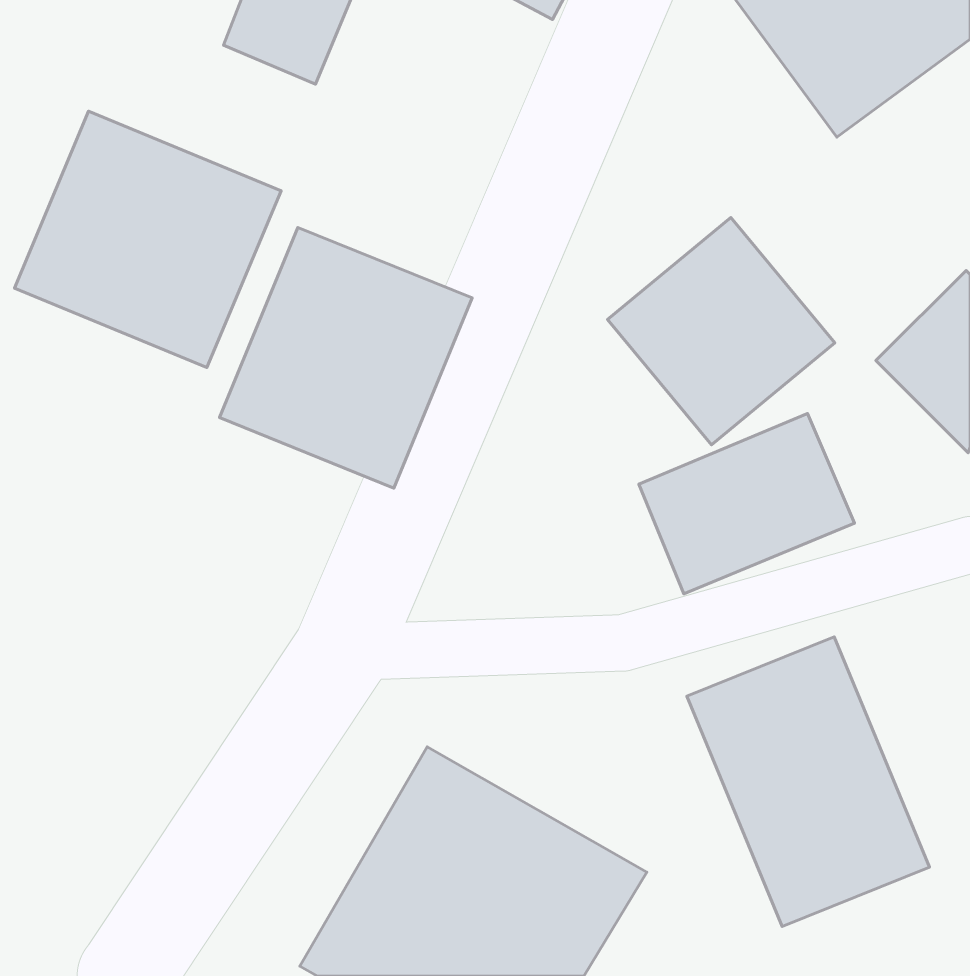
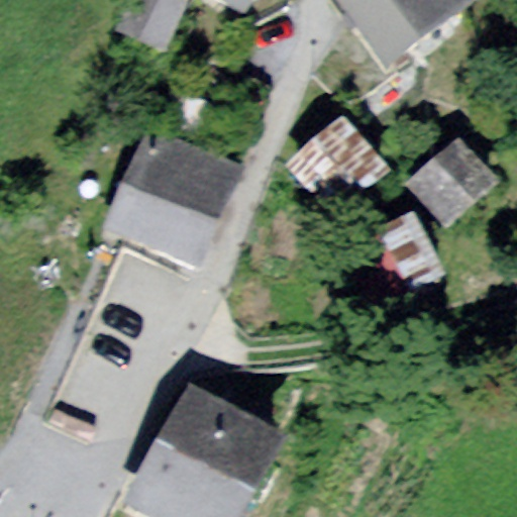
building: [14,111,281,367] -> none
building: [687,637,929,926] -> none

